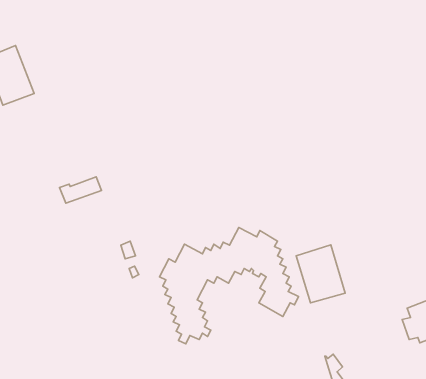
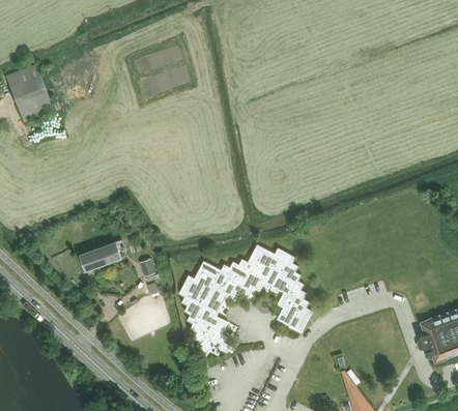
building: [60,177,101,203] -> [80,244,121,270]
building: [296,245,345,303] -> none

